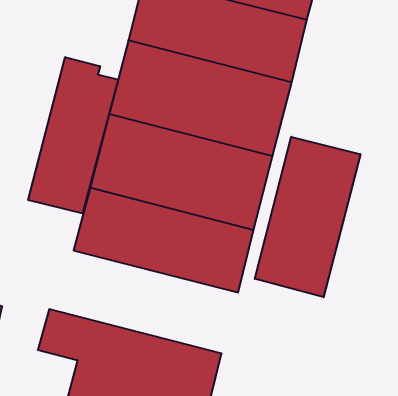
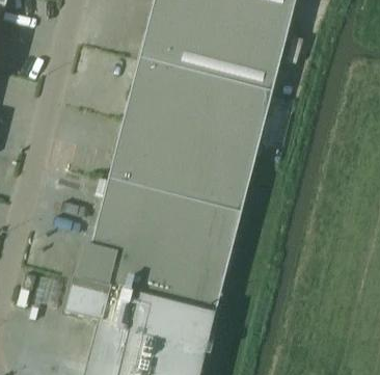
building: [28,57,118,214] -> none
building: [255,137,360,297] -> none
building: none -> [75,227,228,312]

